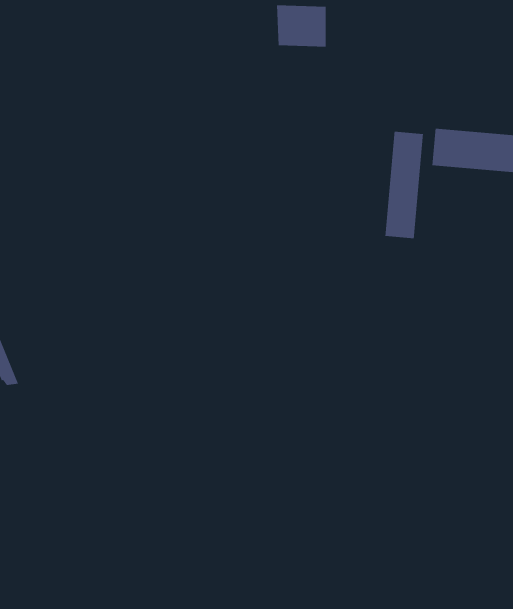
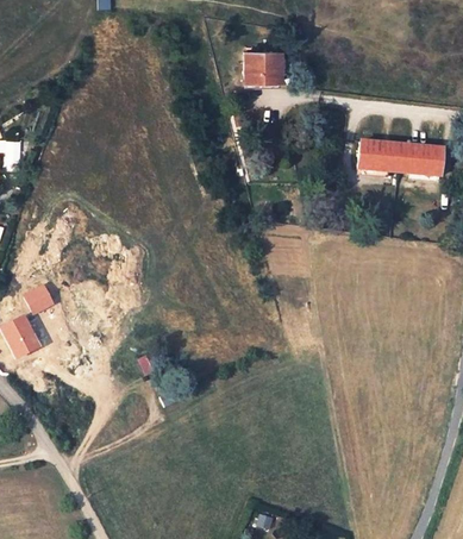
building: [385,131,423,239] -> none

